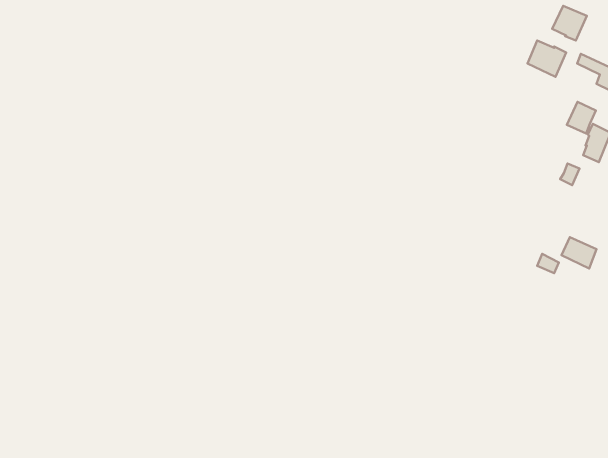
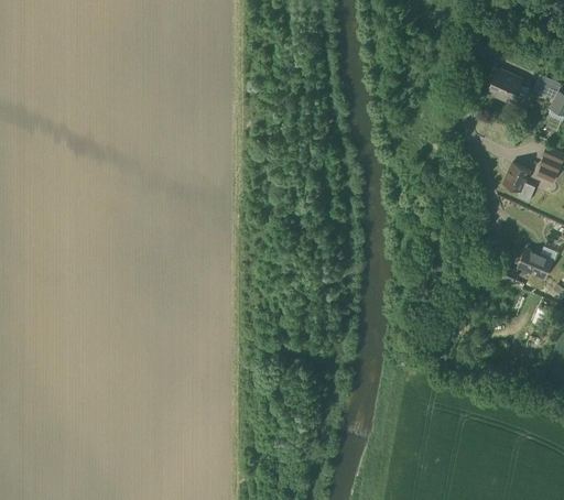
building: [552,6,587,40] -> none
building: [567,102,596,133] -> [503,163,530,192]

